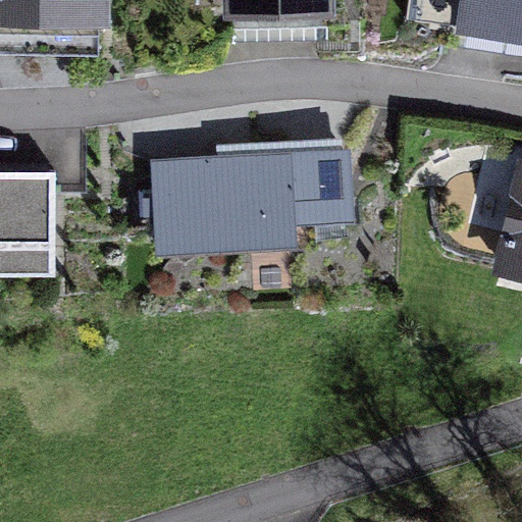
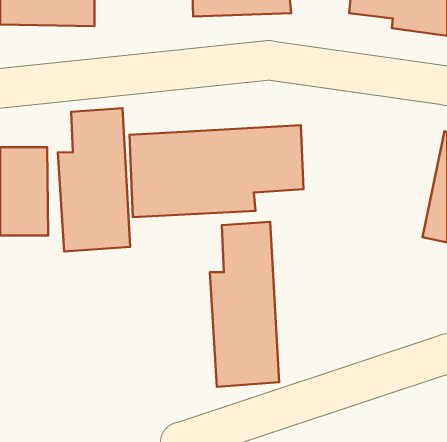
building: none -> [58,108,130,252]
building: none -> [210,222,279,387]

